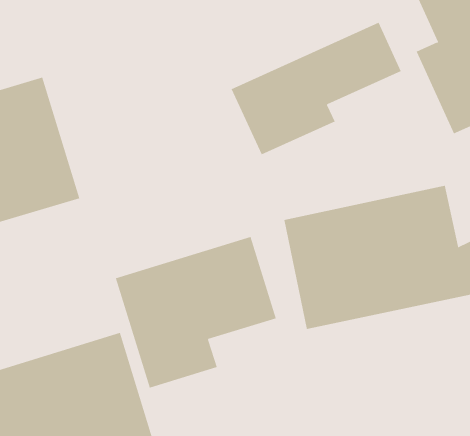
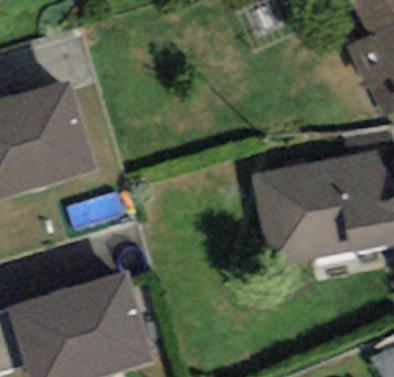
building: [231,22,402,155] -> none
building: [115,236,276,389] -> none

